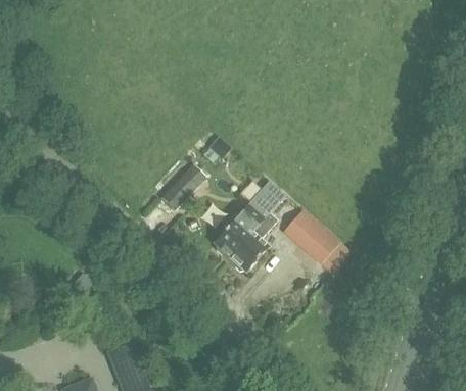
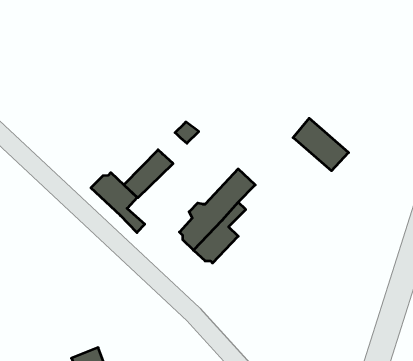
building: none -> [91,173,145,233]
building: [285,209,338,259] -> [293,118,349,171]

